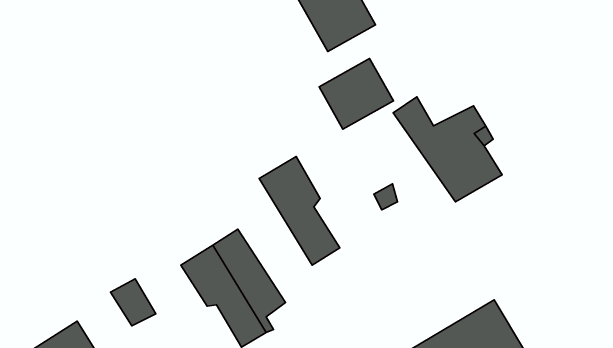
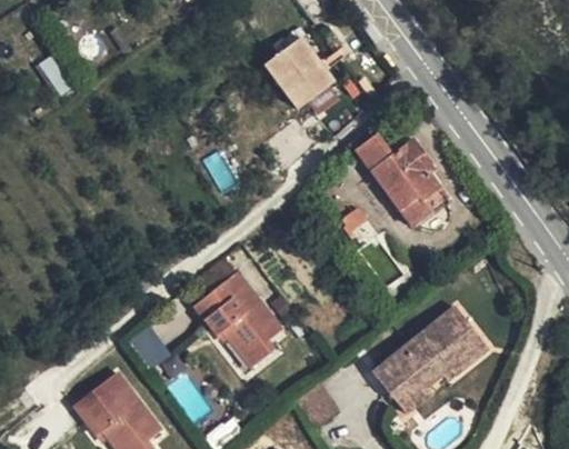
building: [319,59,393,129] -> none
building: [259,156,340,265] -> none

